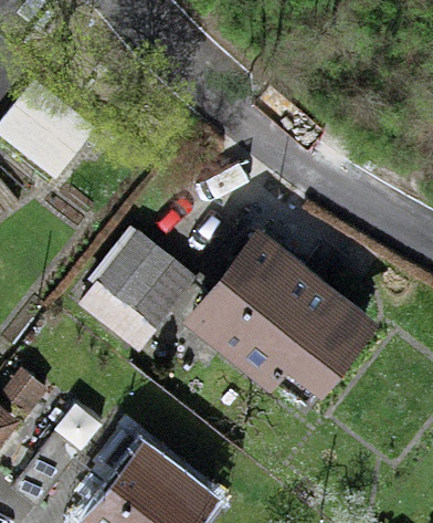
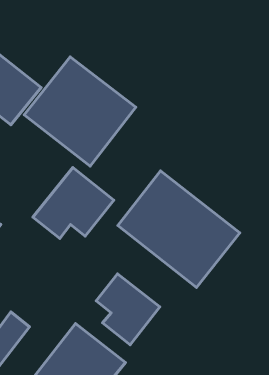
building: none -> [24,57,136,166]
building: none -> [96,274,160,345]

